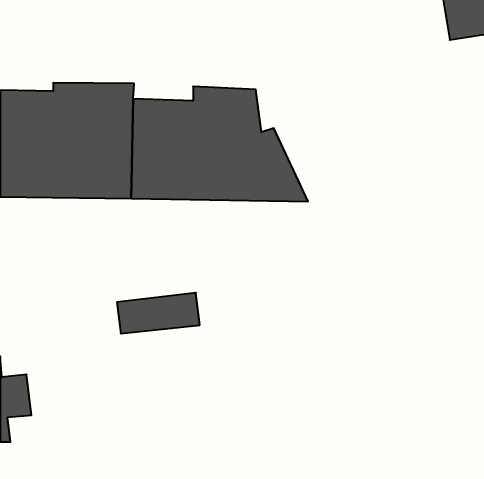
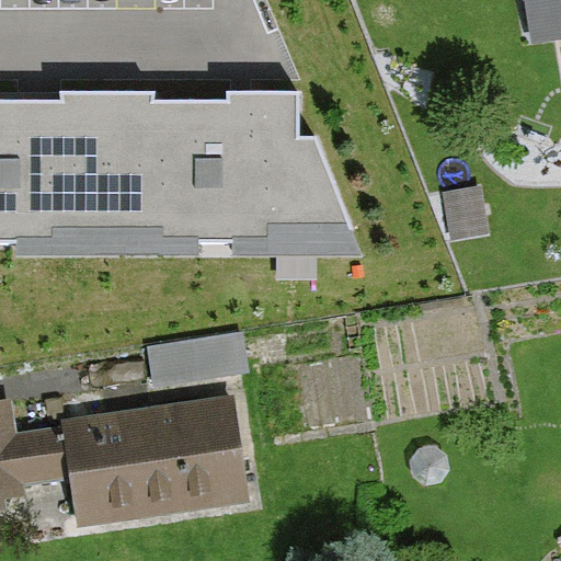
building: none -> [48,394,238,523]

